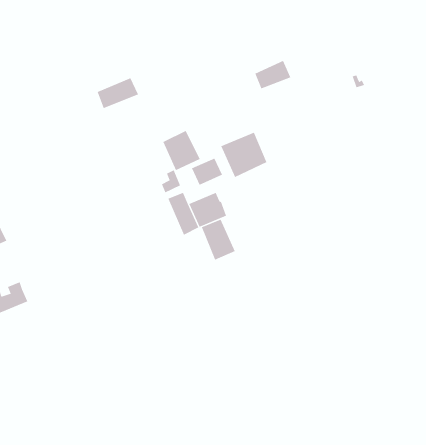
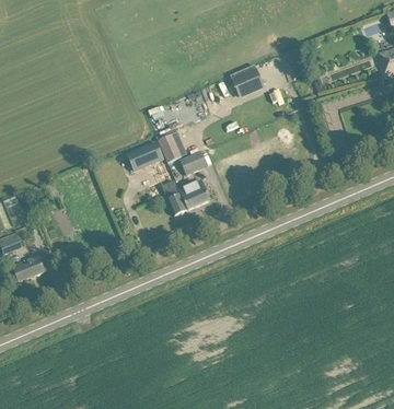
building: [97,77,139,109] -> [126,138,161,164]
building: [221,132,267,178] -> none
building: [201,219,235,260] -> none

